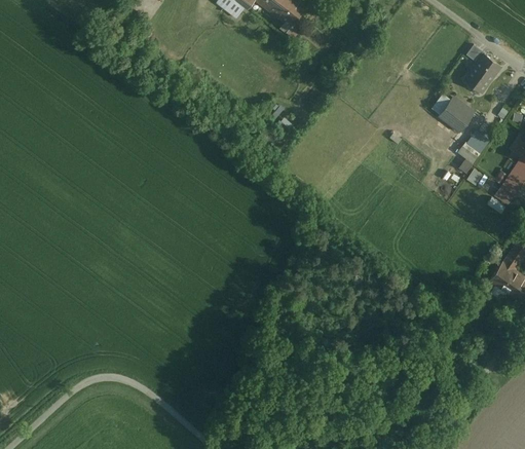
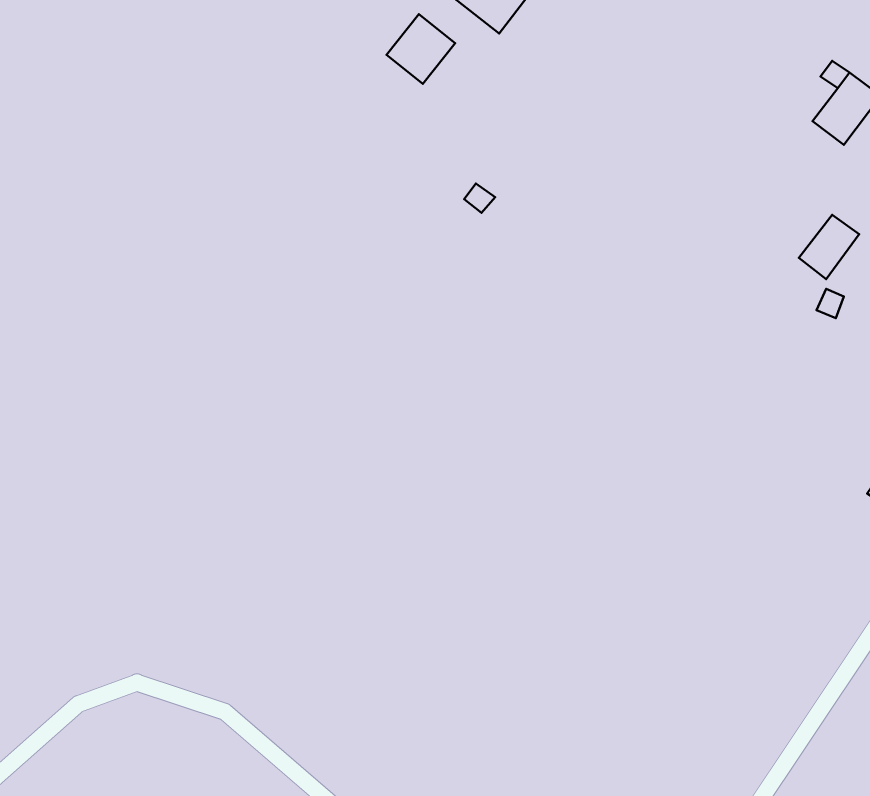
building: none -> [386,14,455,84]
building: [440,97,474,130] -> none

